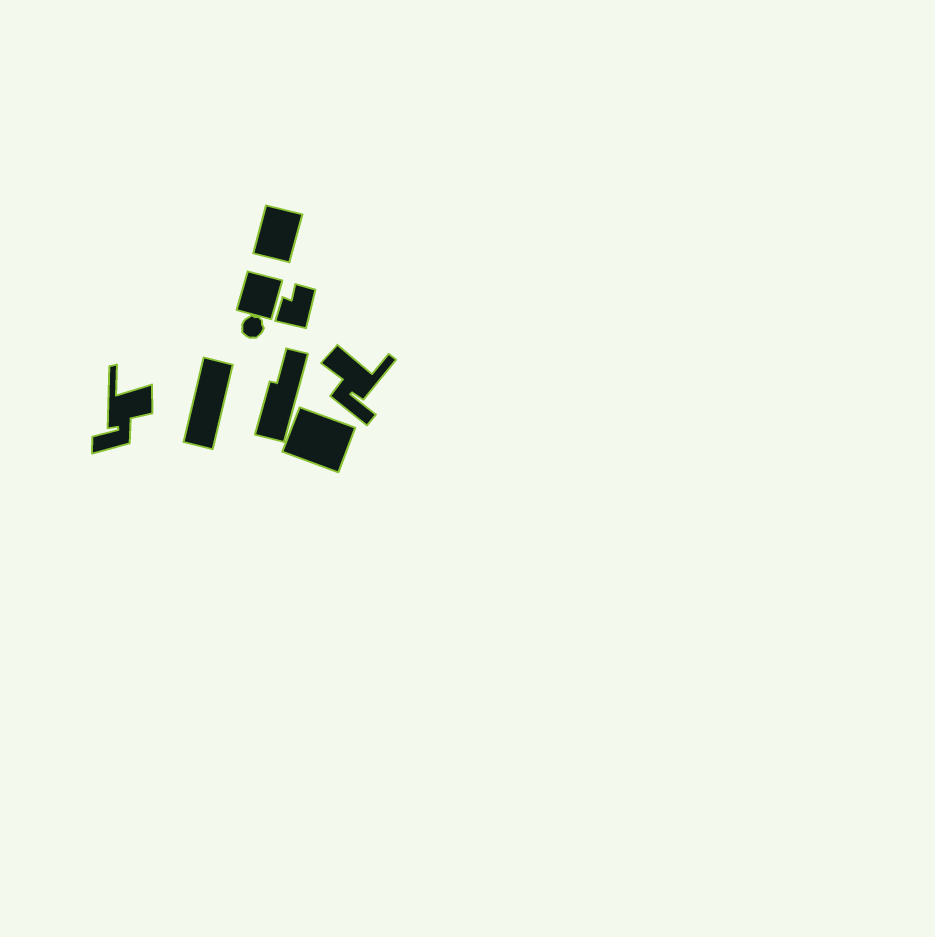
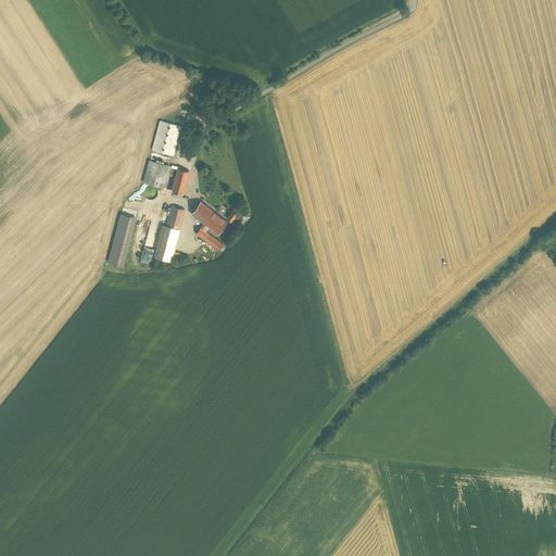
building: [92,364,152,454] -> none
building: [282,407,355,472] -> none

